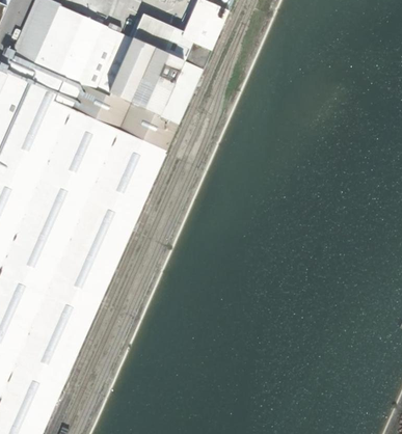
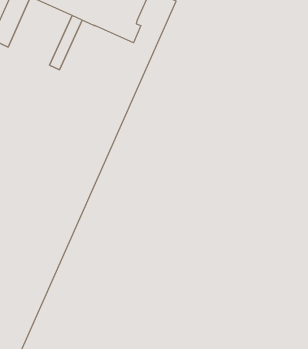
building: [131,13,184,57] -> none

